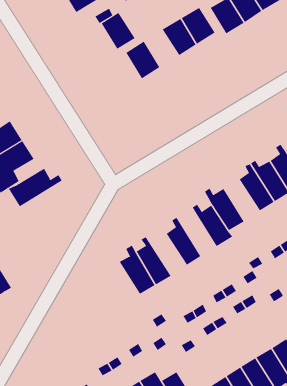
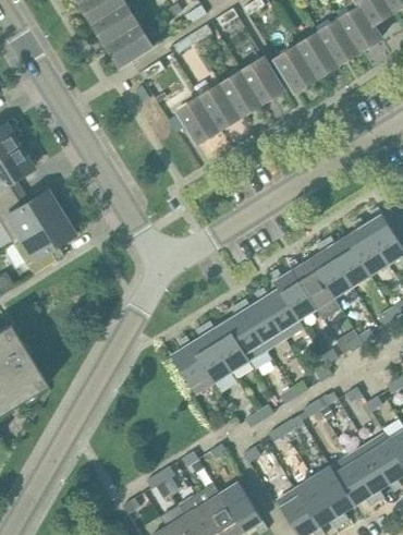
building: [101,12,136,50] -> [202,85,242,129]
building: [8,168,62,207] -> none
building: none -> [290,258,342,319]
building: none -> [240,299,285,349]
building: none -> [204,321,251,372]

